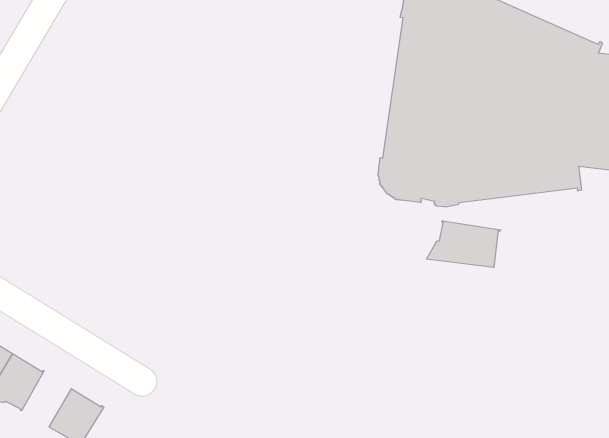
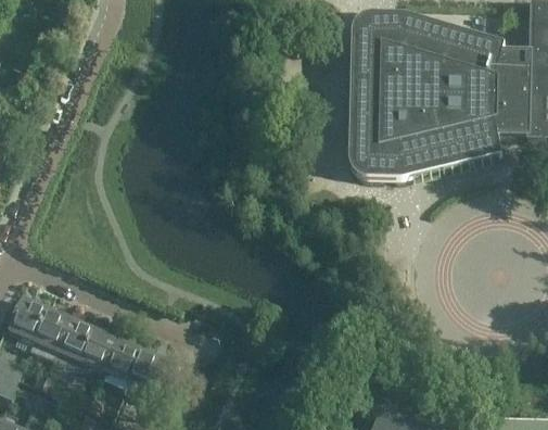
building: [427,221,501,268] -> none
building: none -> [106,337,141,378]

